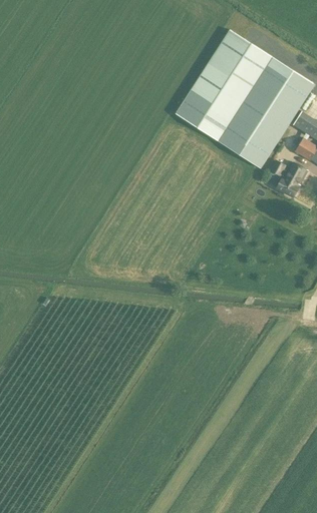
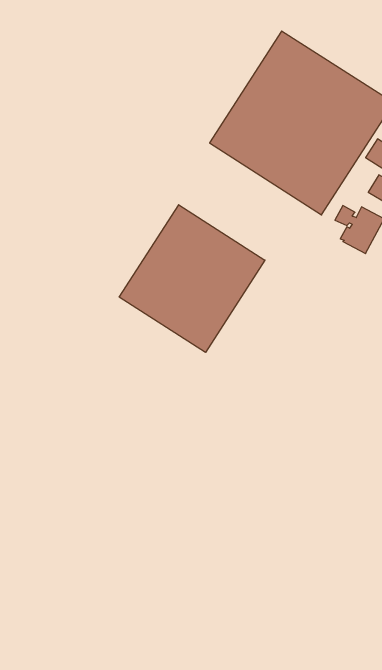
building: none -> [119,205,265,352]

